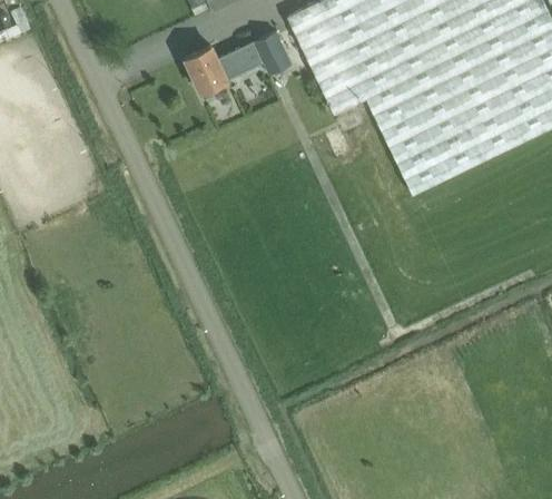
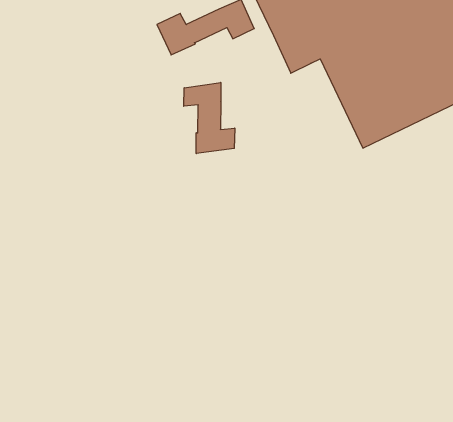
building: none -> [184,82,235,154]

